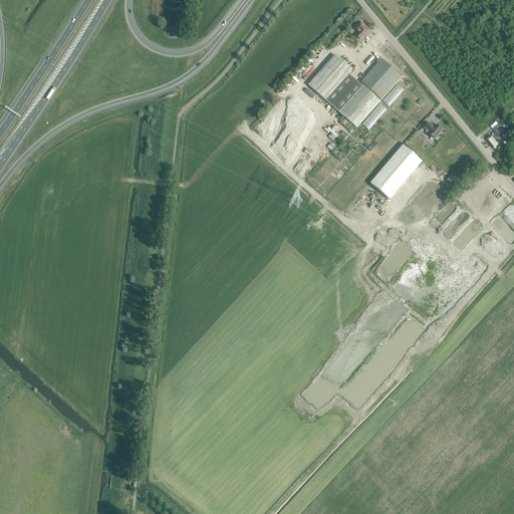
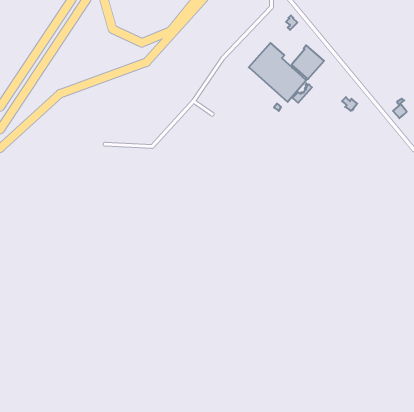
building: [370,144,422,198] -> none

